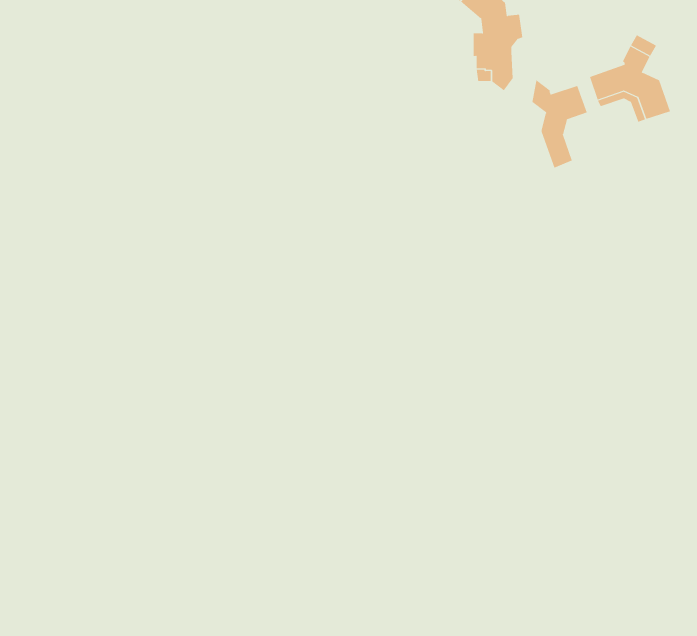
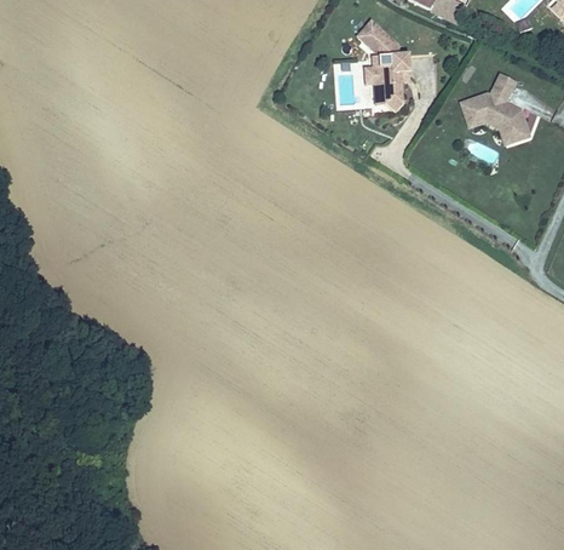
building: [532,79,588,169] -> none

